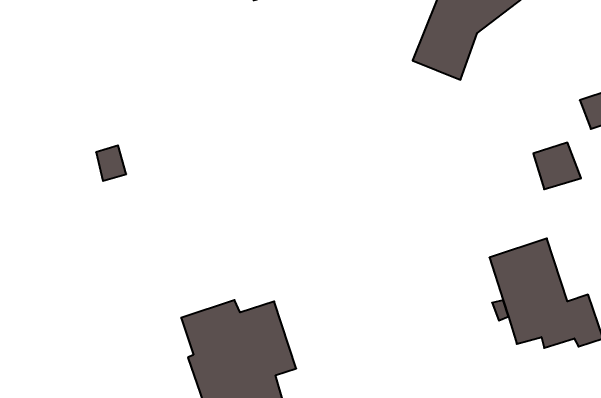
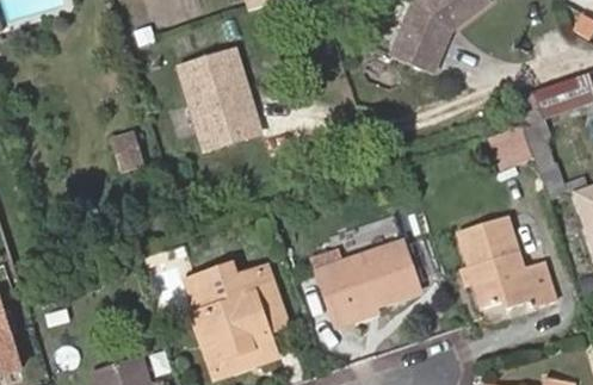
building: none -> [184,54,265,153]
building: none -> [317,244,419,325]

